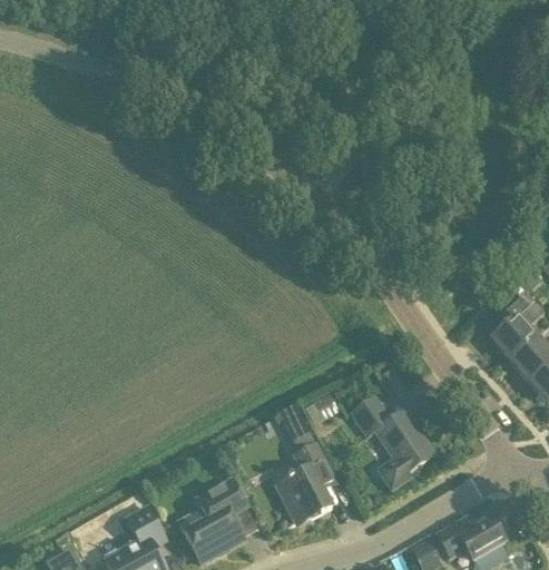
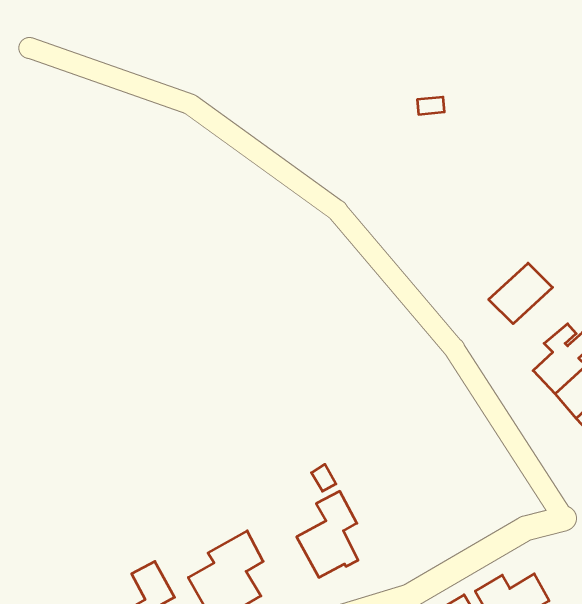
building: none -> [489,263,553,324]
building: [350,394,434,491] -> none

